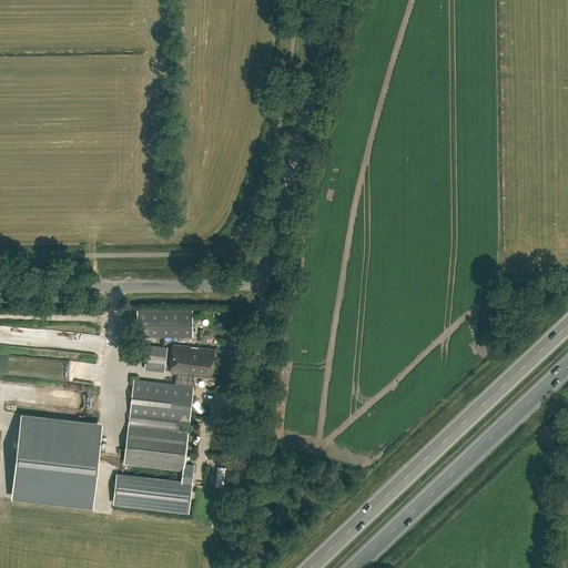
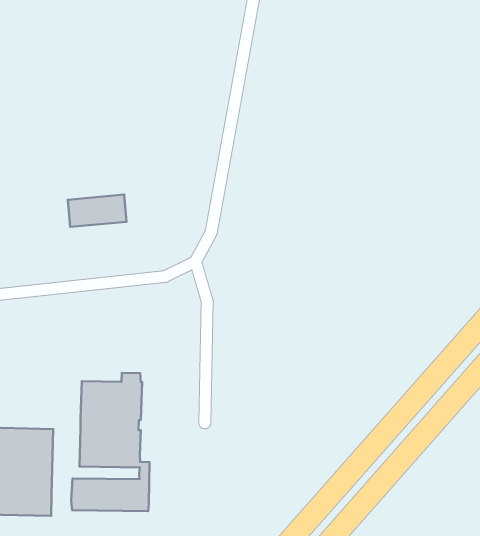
building: [136,310,192,336] -> [68,195,127,227]
building: [144,345,214,378] -> none

